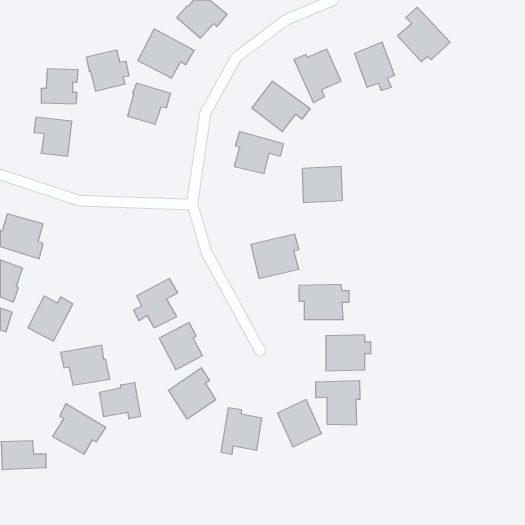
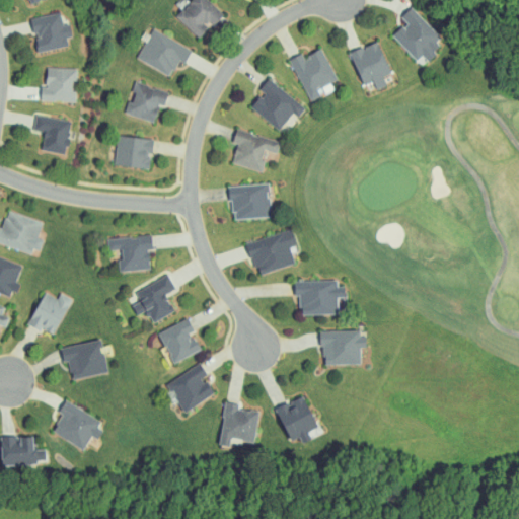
building: [86,50,129,91] -> [29,12,72,53]
building: none -> [114,136,154,170]
building: [302,166,342,202] -> [230,183,270,219]
building: none -> [107,235,153,273]
building: [316,381,360,425] -> none
building: [100,382,140,419] -> none

